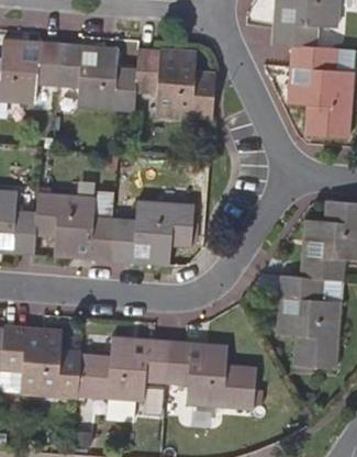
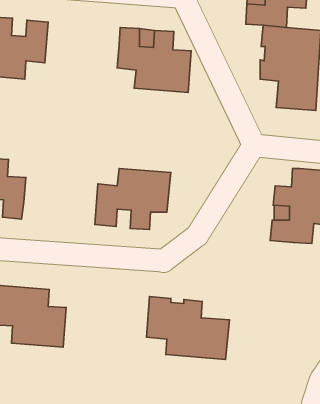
building: [57,43,137,112] -> none
building: [34,193,114,261] -> none
building: [278,278,345,368] -> none
building: [77,335,170,400] -> none

